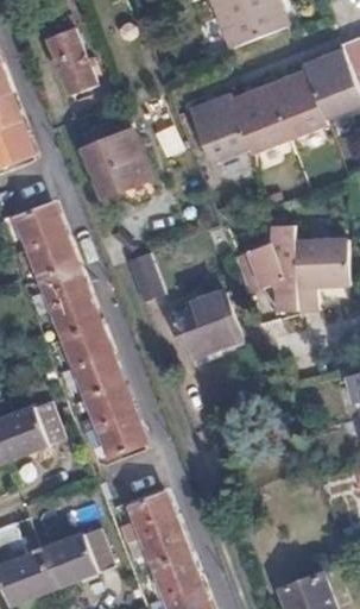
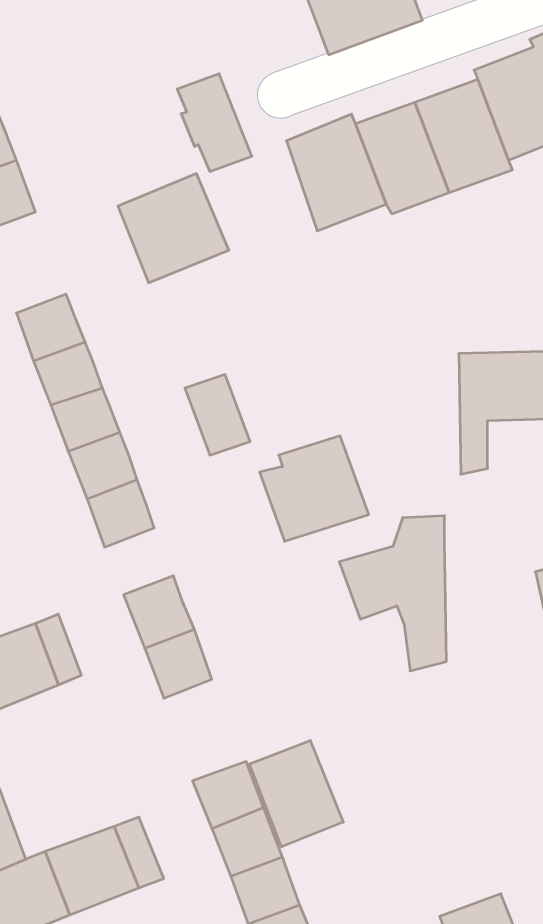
building: [49,31,95,92] -> [177,74,252,171]
building: [229,224,296,320] -> [339,516,446,671]
building: [75,347,118,389] -> none
building: none -> [250,740,343,847]

